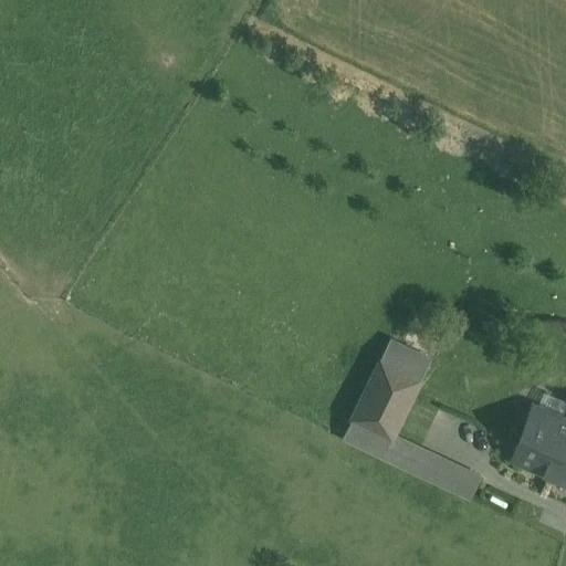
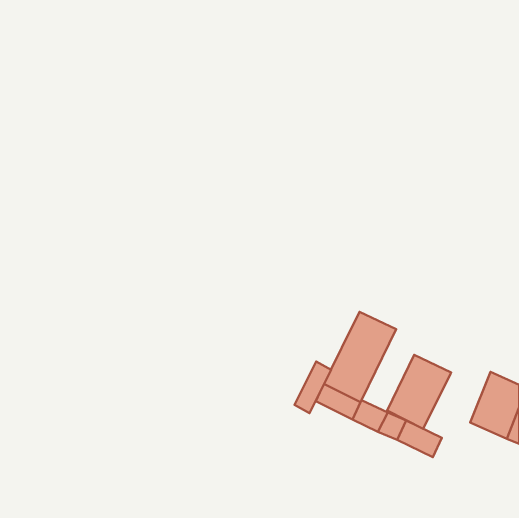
building: none -> [387,355,451,429]
building: none -> [294,362,331,413]

